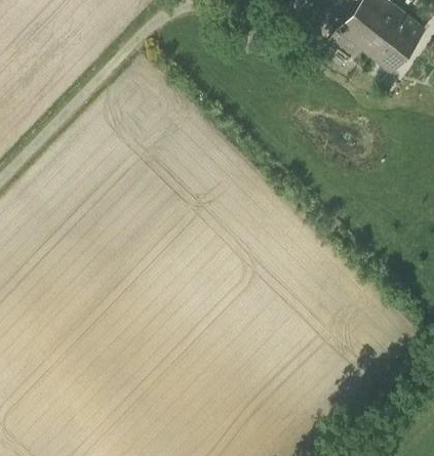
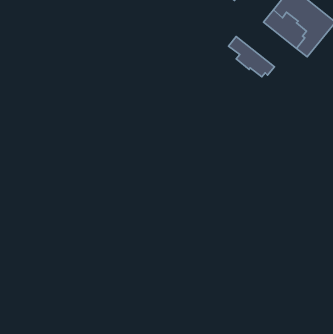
building: none -> [228,36,274,77]

